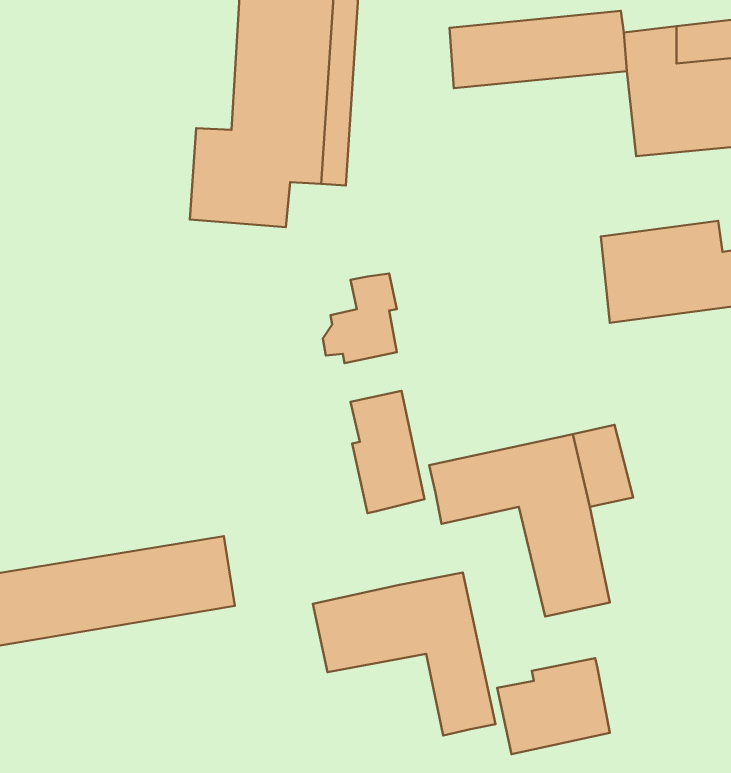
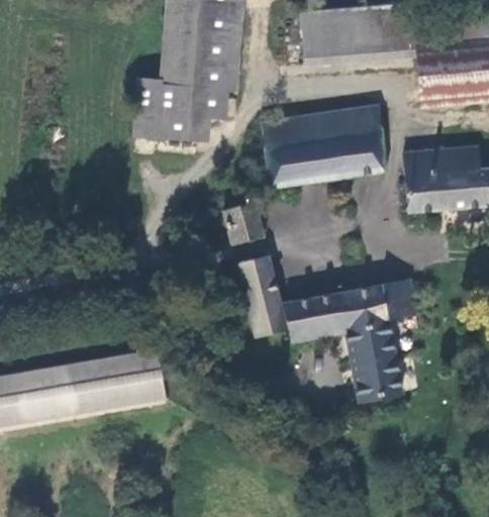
building: none -> [266,105,385,184]
building: [313,573,495,736] -> none
building: [497,658,610,754] -> none

